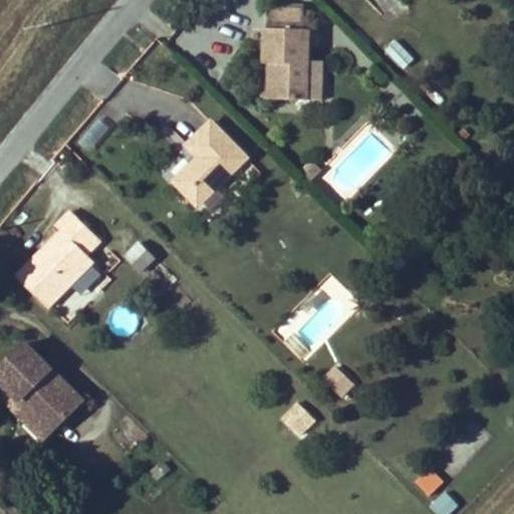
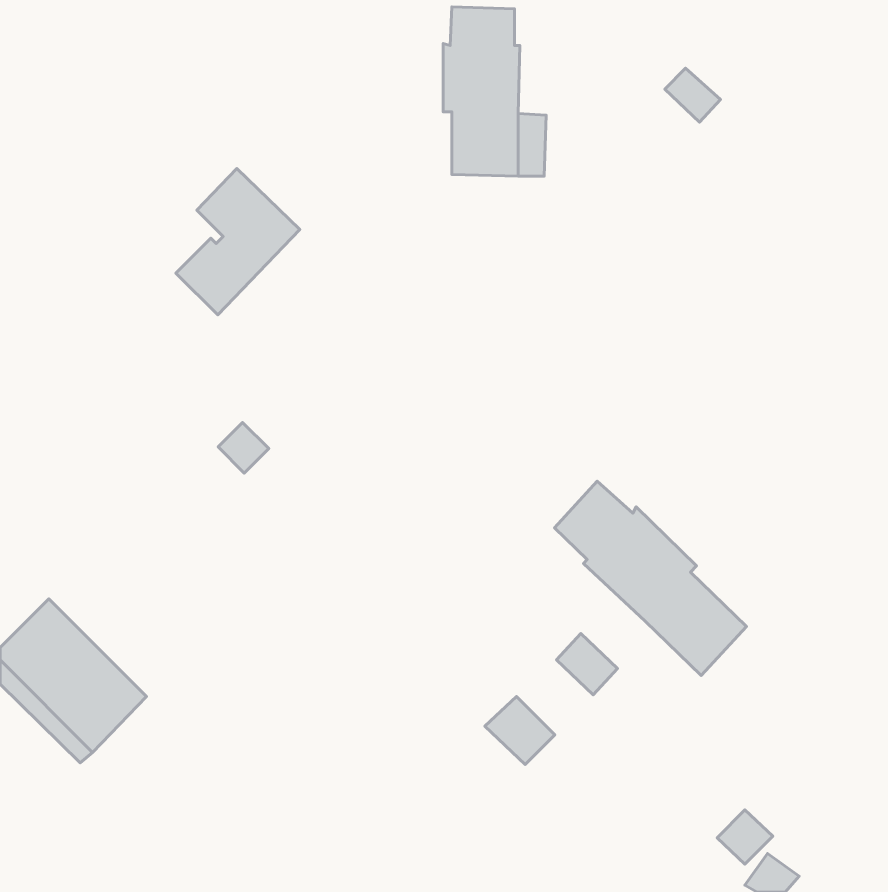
building: [172,119,243,204] -> [176,168,300,315]
building: [19,212,103,308] -> none
building: none -> [555,481,746,675]

